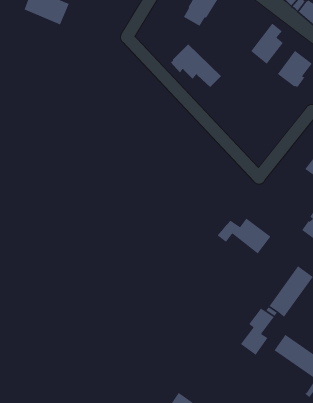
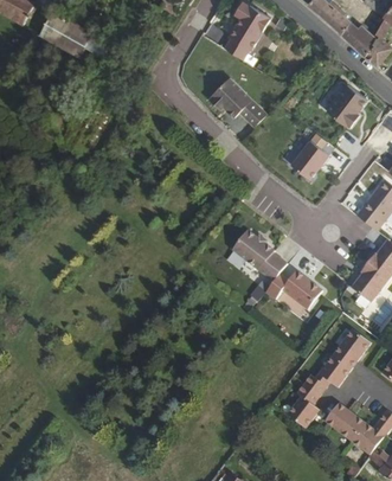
building: [250,23,284,65] -> [289,132,327,179]
building: none -> [223,230,281,283]

